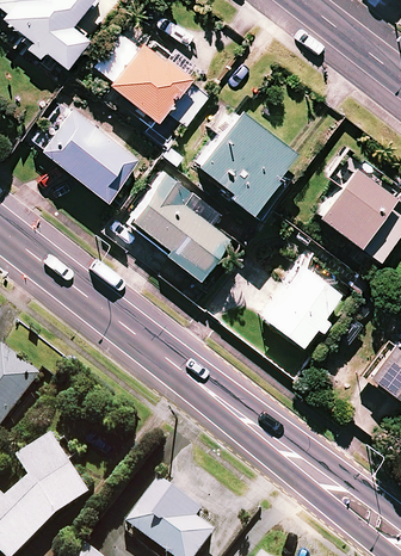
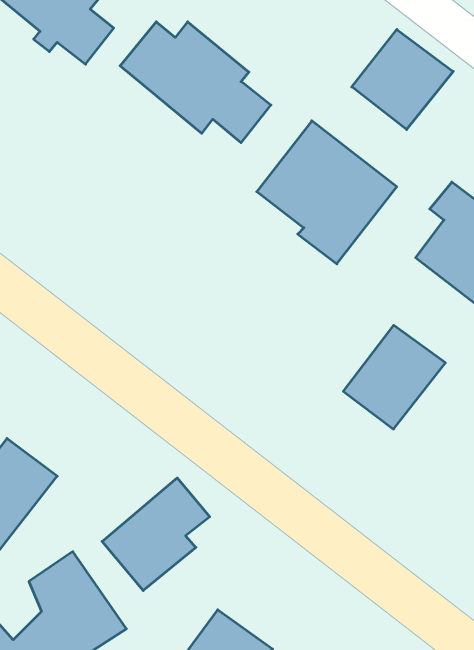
building: none -> [352,29,453,130]
building: [35,110,136,200] -> none
building: [128,174,227,277] -> none
building: none -> [102,478,210,591]

